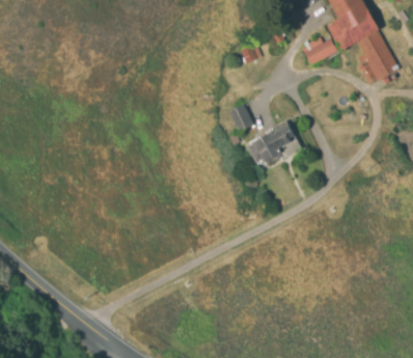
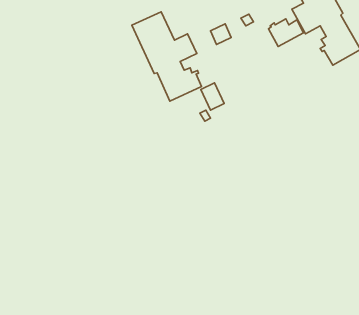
building: none -> [132,12,201,101]
building: [246,119,302,165] -> none

